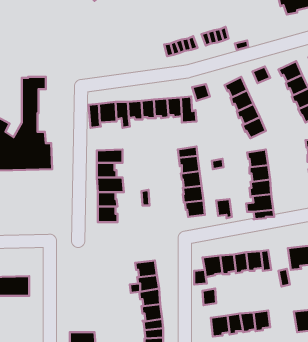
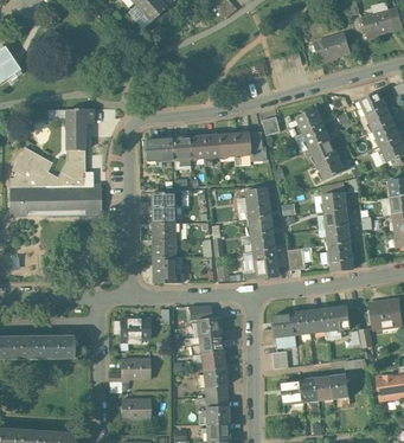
building: none -> [314,34,350,63]
building: none -> [120,320,149,339]
building: none -> [121,359,149,379]

